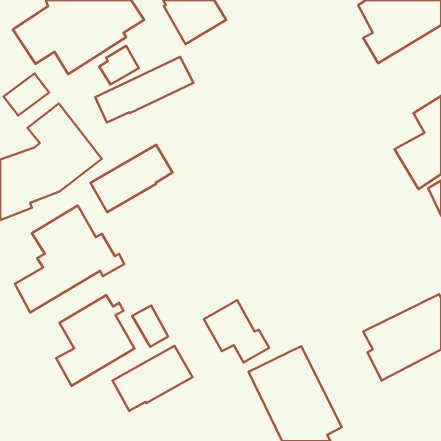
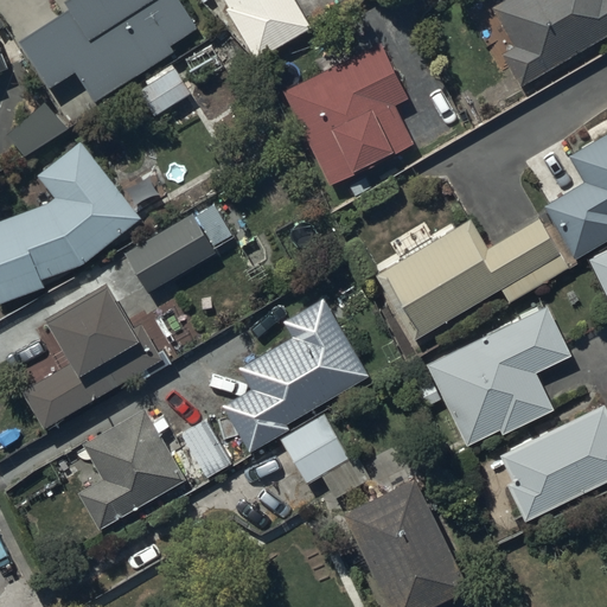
building: none -> [283,41,414,185]
building: [95,57,193,123] -> none
building: none -> [375,217,569,340]
building: none -> [222,296,369,453]
building: none -> [418,304,571,447]
building: [113,346,192,411] -> none

